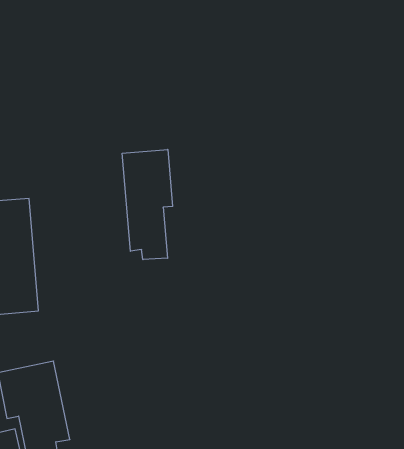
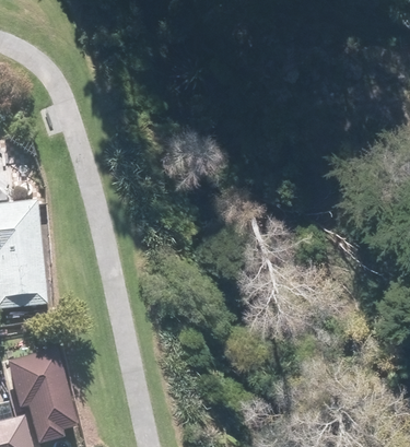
building: [122,149,173,260] -> none

